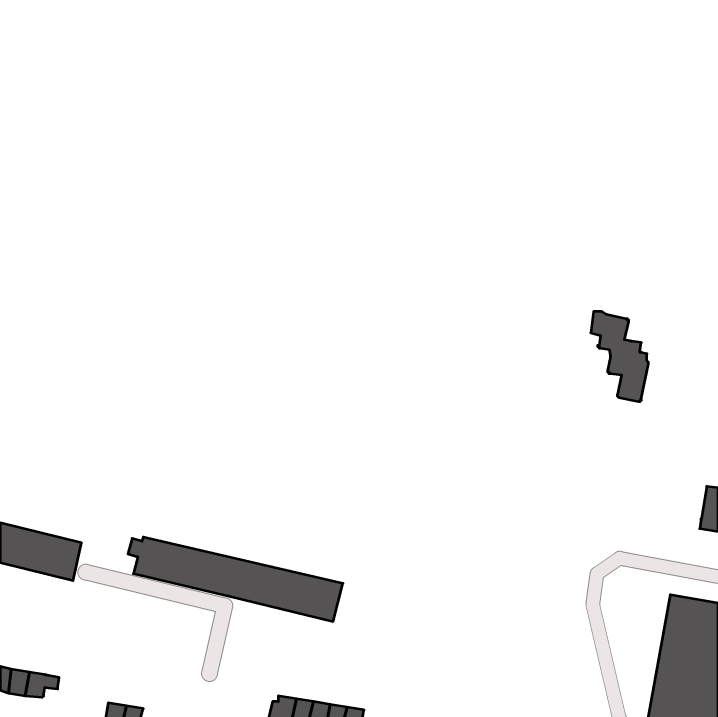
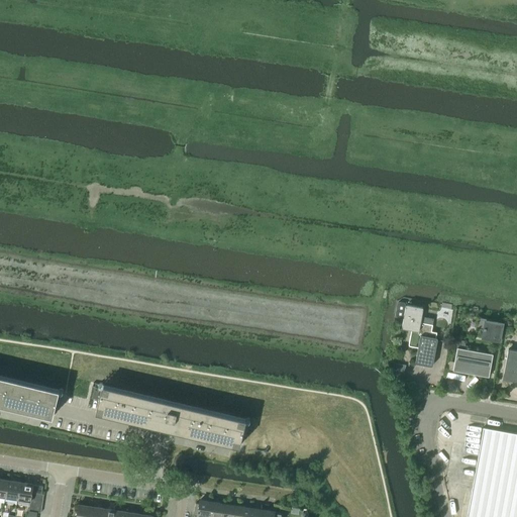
building: [591,312,648,402] -> [396,303,437,368]
building: none -> [476,318,503,341]
building: none -> [452,340,493,378]

